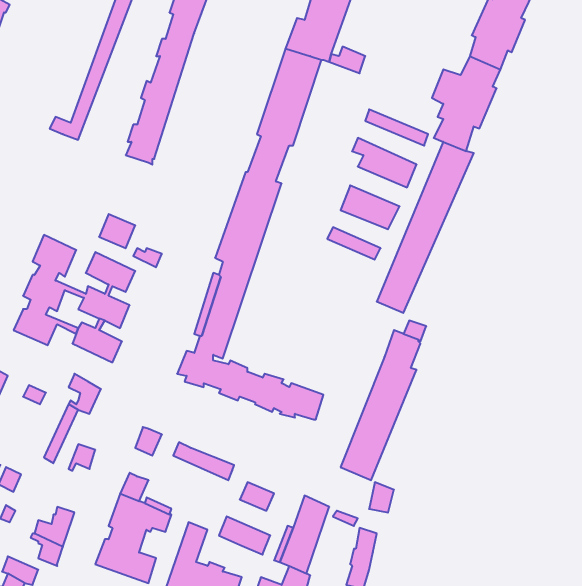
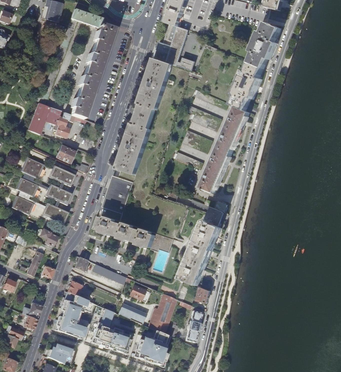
building: none -> [27,103,82,138]

